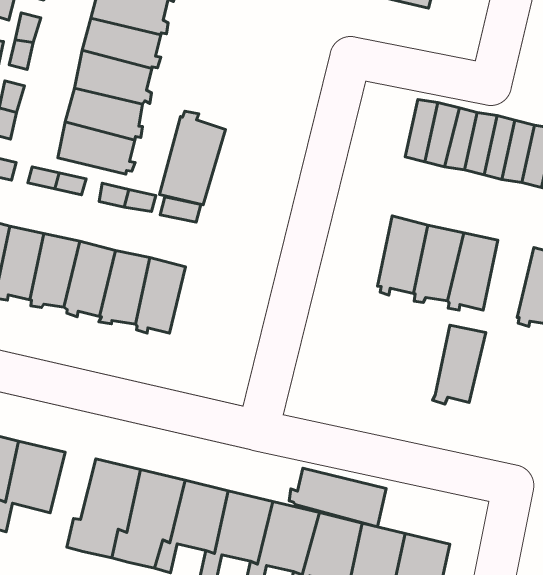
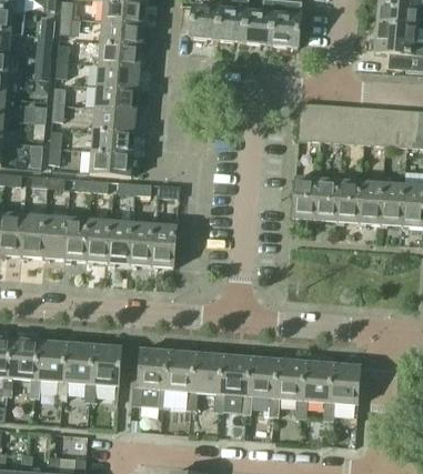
building: [160,111,225,205] -> none
building: [432,325,486,404] -> [356,180,382,228]
building: [289,468,386,527] -> none

